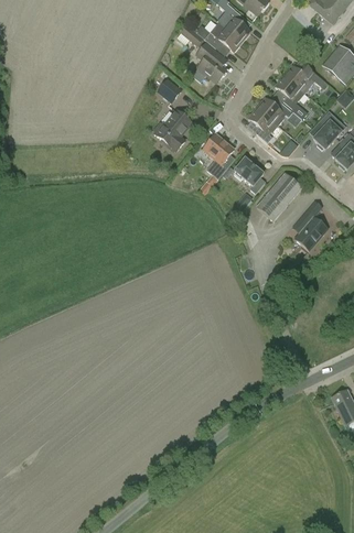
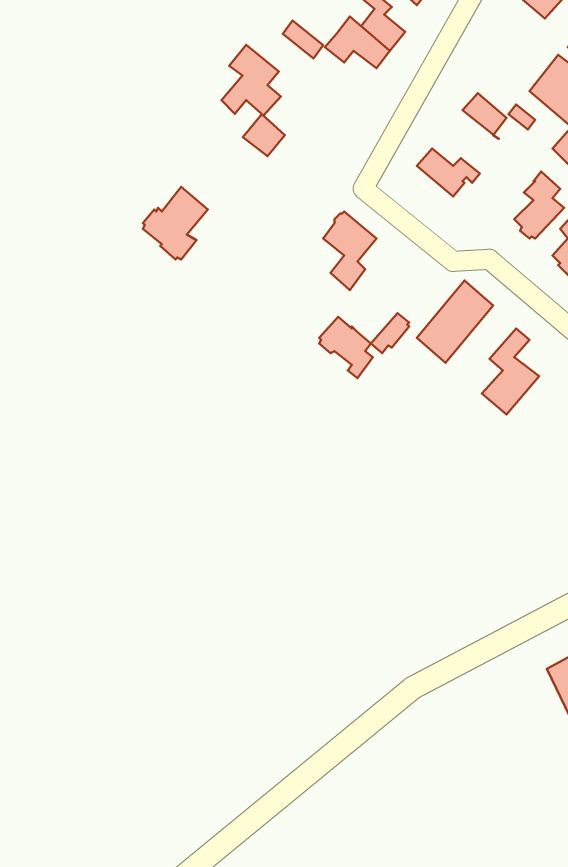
building: [192,42,226,83] -> [221,45,281,116]
building: [276,75,304,110] -> none
building: [248,107,278,142] -> none
building: [154,109,192,151] -> [143,187,208,259]
building: [234,157,265,193] -> [319,317,373,378]

